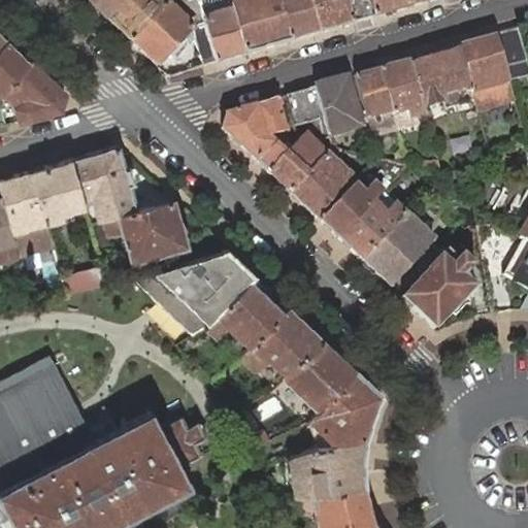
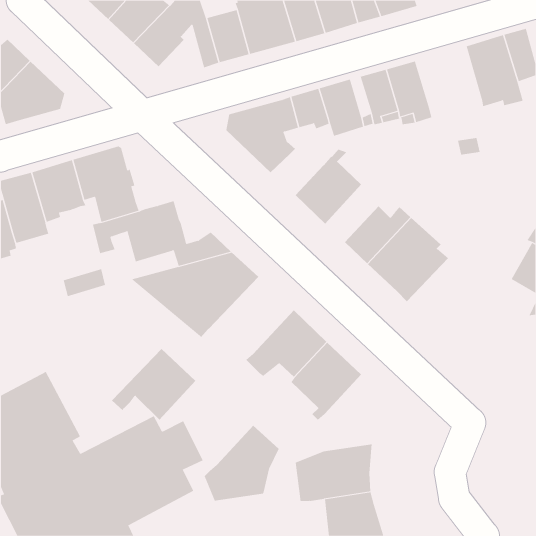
building: [408,45,475,121] -> none
building: [266,134,324,192] -> none
building: [320,158,407,238] -> none
building: [400,253,475,329] -> none
building: [205,272,289,343] -> [111,348,196,421]
building: [307,368,382,443] -> [204,425,279,501]

